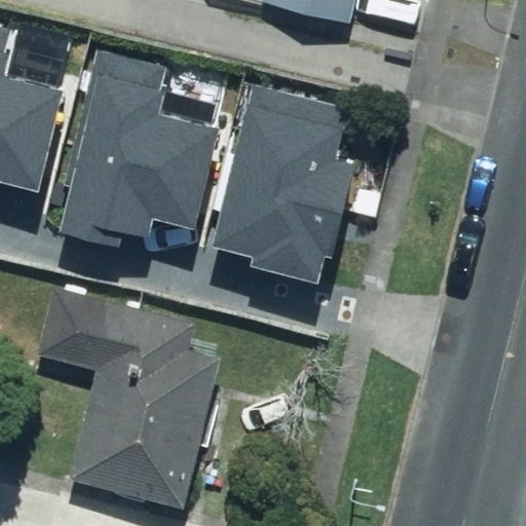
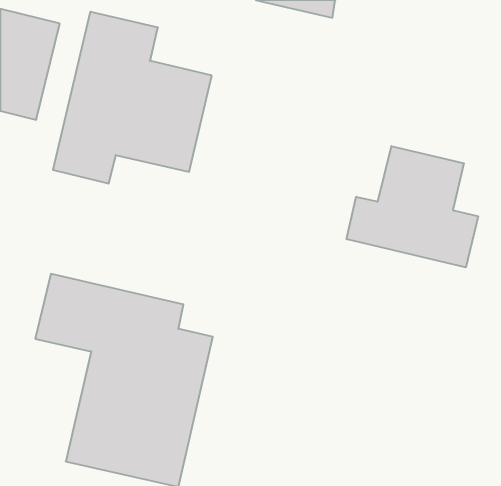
building: [214,51,381,230] -> none
building: none -> [347,146,478,267]

